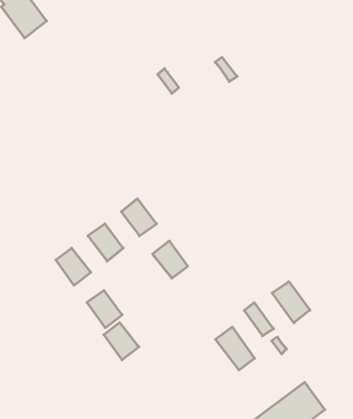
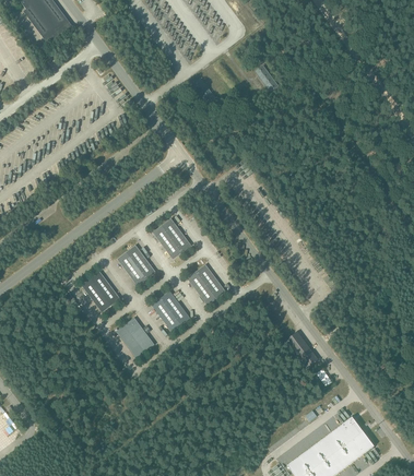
building: [272,282,310,323] -> none
building: [104,323,139,360] -> [152,290,190,331]
building: [215,327,255,370] -> none

